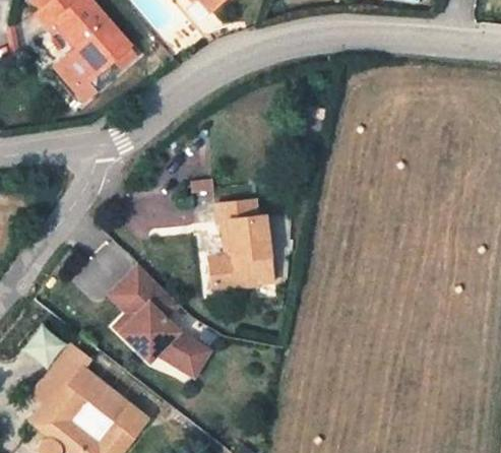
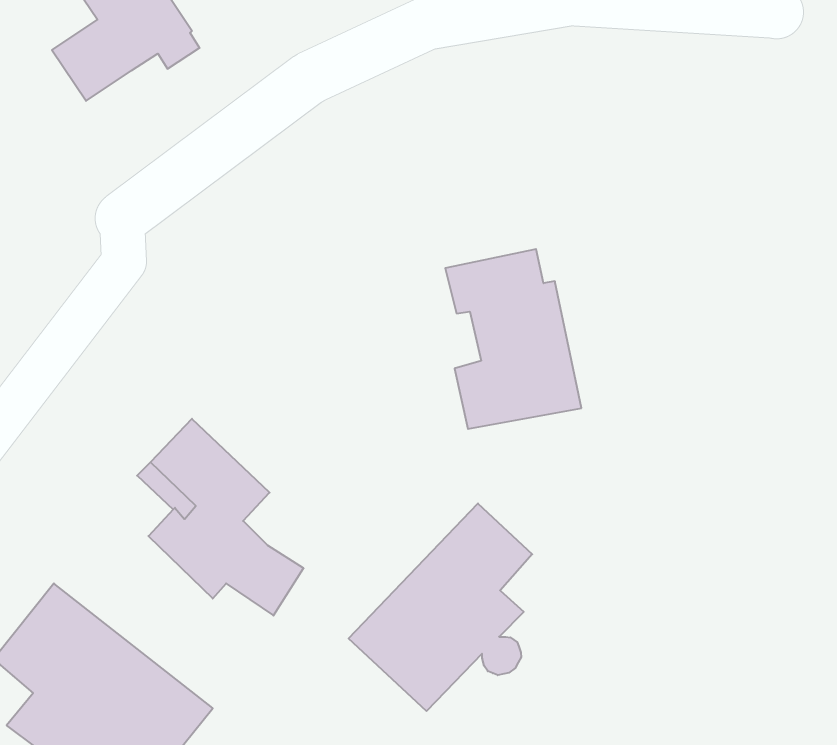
building: [196,201,269,298] -> [445,249,581,429]
building: none -> [349,503,532,711]

